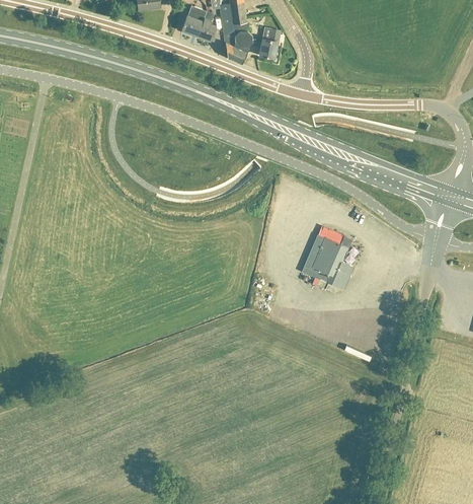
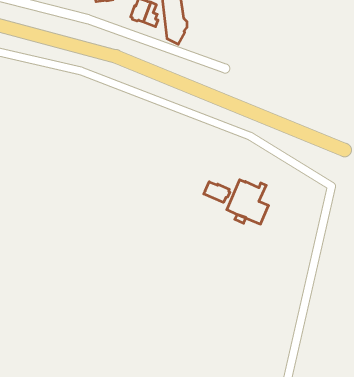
building: [259,27,281,58] -> none
building: none -> [204,182,230,202]

